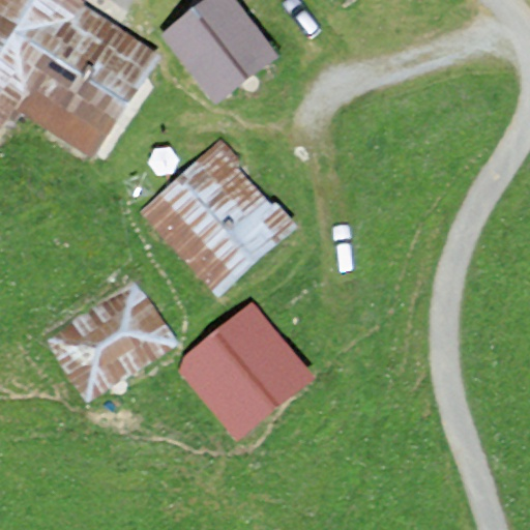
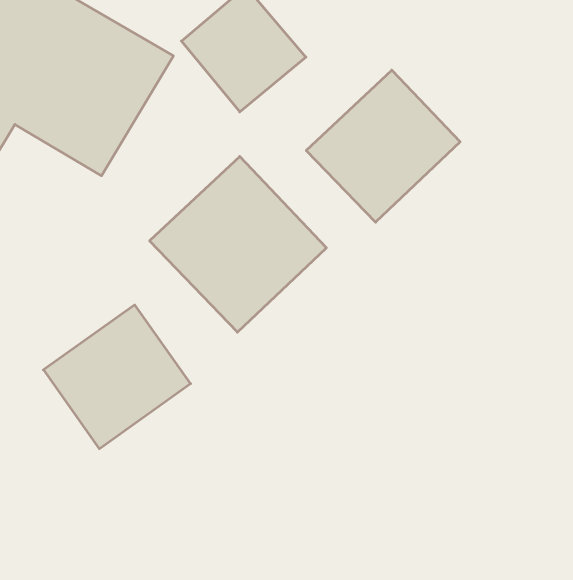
building: none -> [306,70,460,222]
building: [167,290,311,434] -> none

